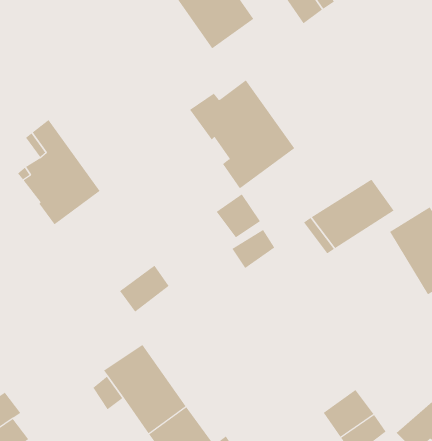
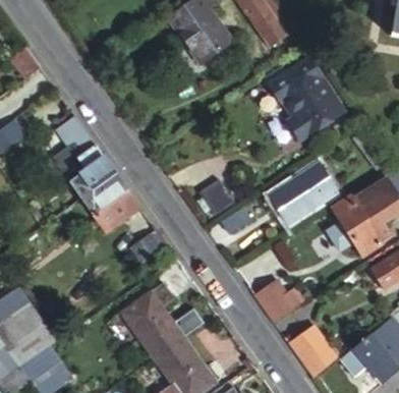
building: [189,80,295,189] -> [270,58,351,143]
building: none -> [80,171,142,234]
building: none -> [250,278,290,319]

